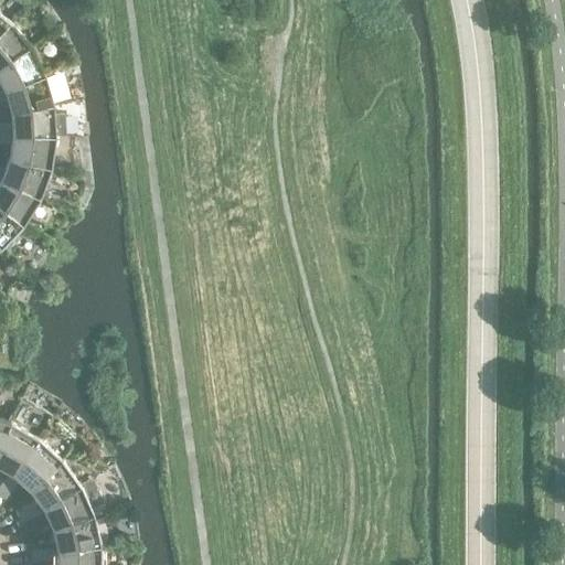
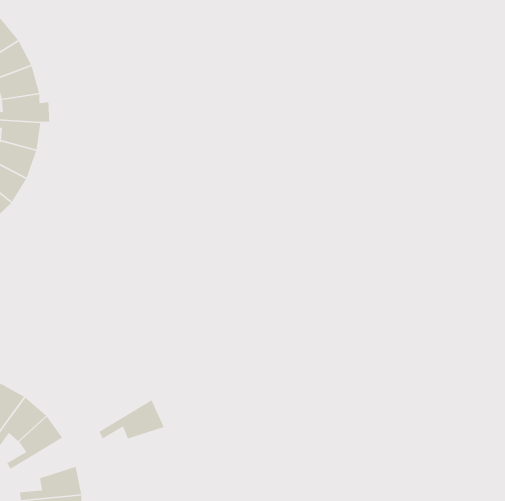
building: [11,494,84,539] -> [99,399,165,439]

